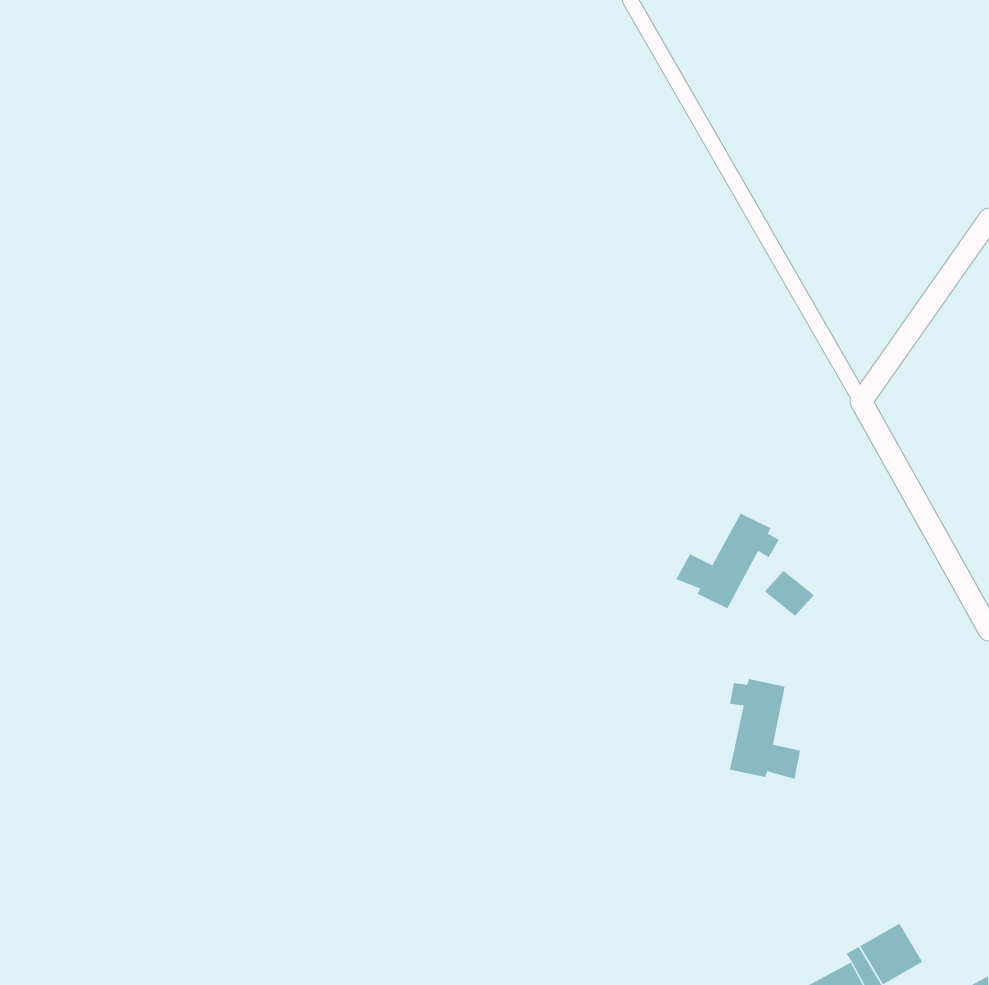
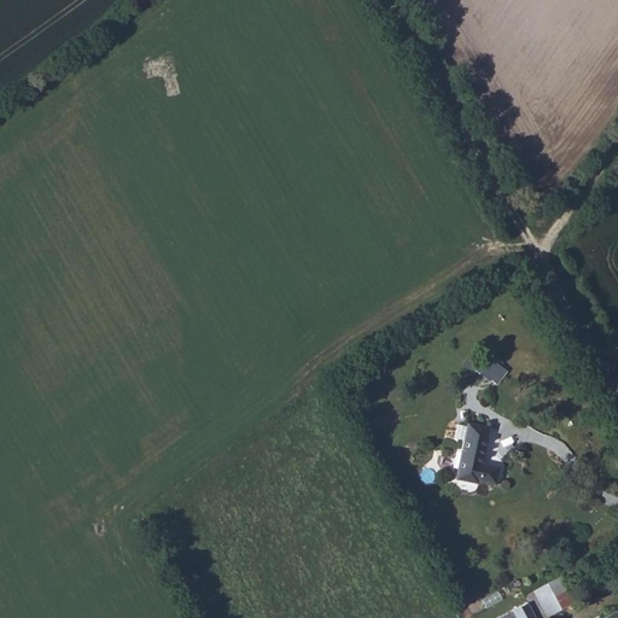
building: [675,513,779,609] -> none

